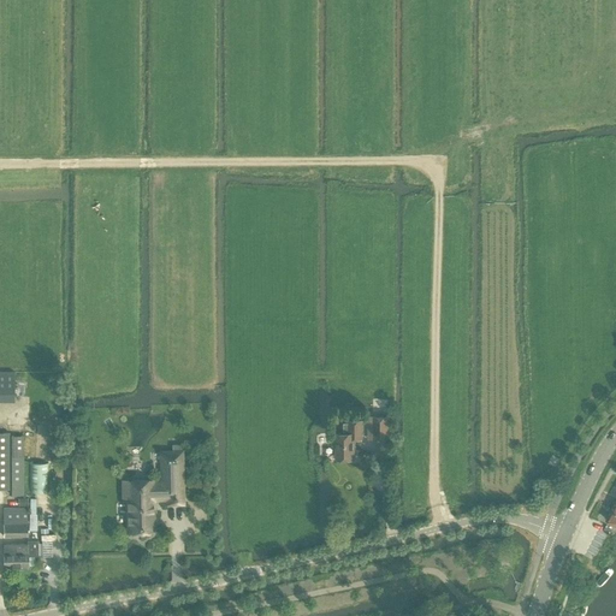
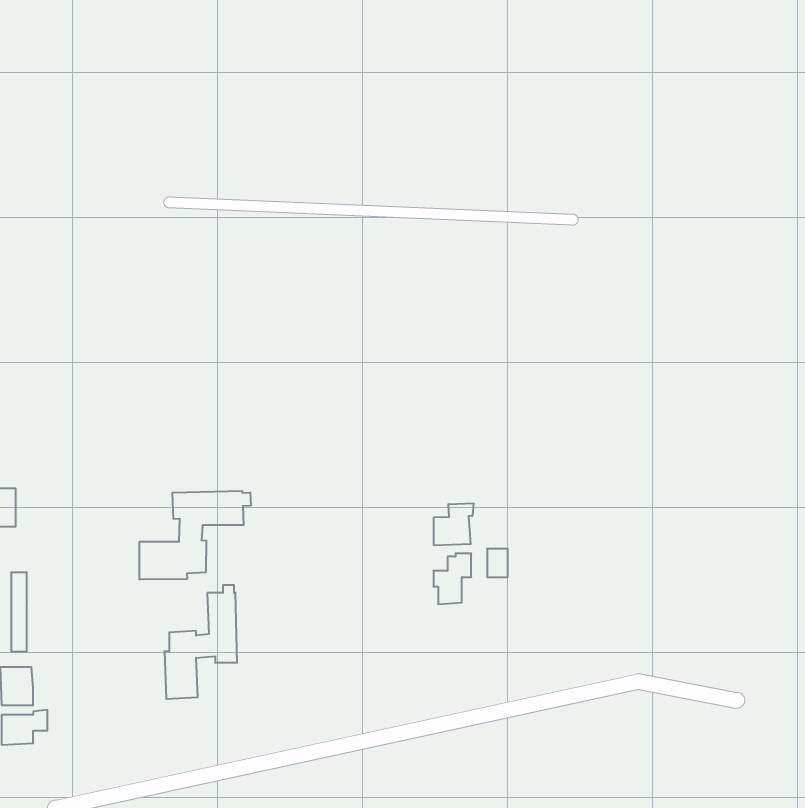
building: none -> [140,491,251,580]
building: none -> [434,503,474,545]

